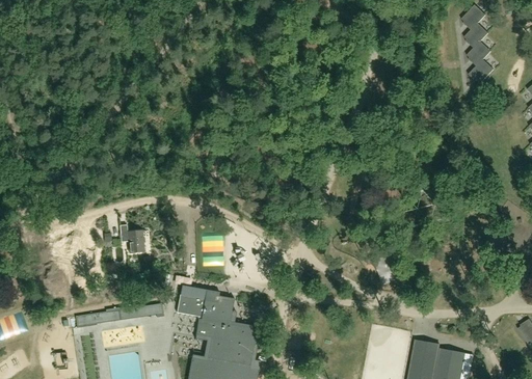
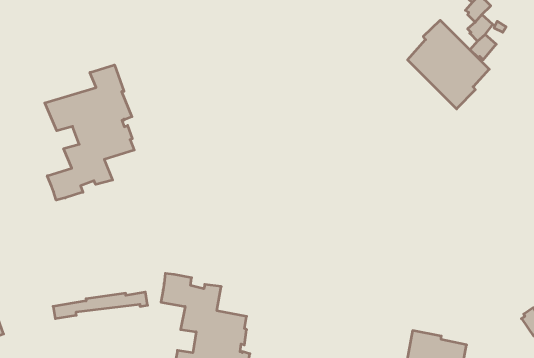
building: none -> [408,20,489,109]
building: none -> [45,65,134,200]
building: [119,224,144,251] -> none

